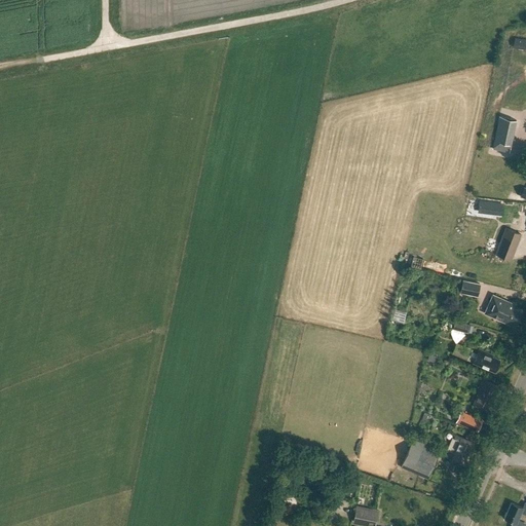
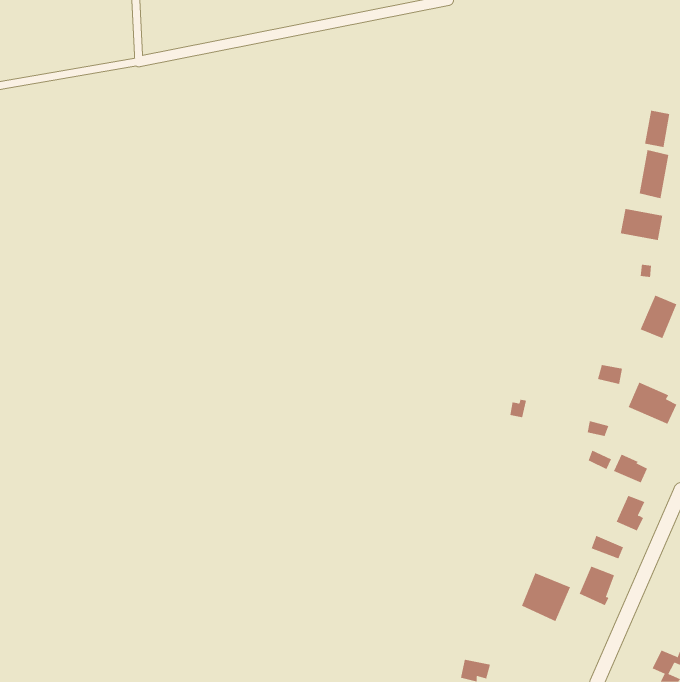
building: none -> [645,110,670,148]
building: none -> [620,208,663,241]

